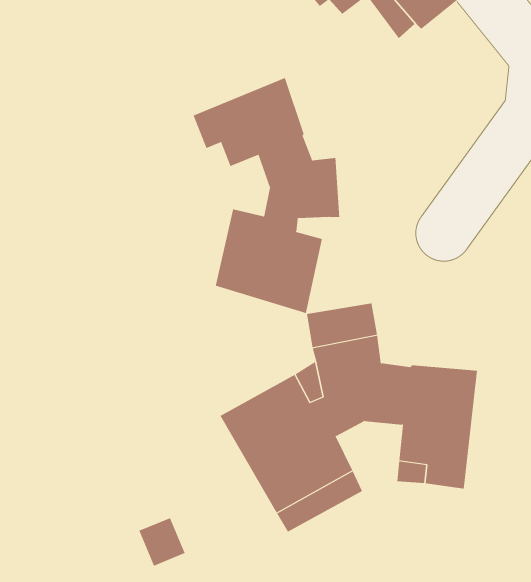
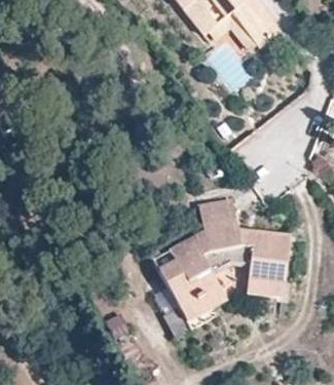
building: [193,77,340,314] -> none

